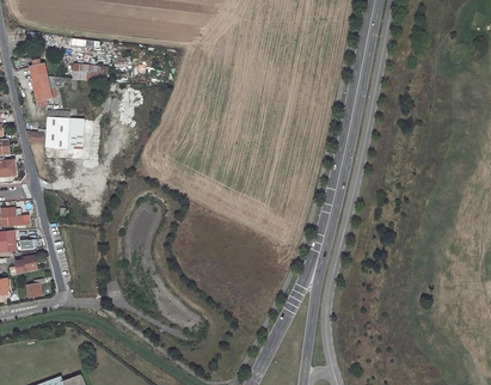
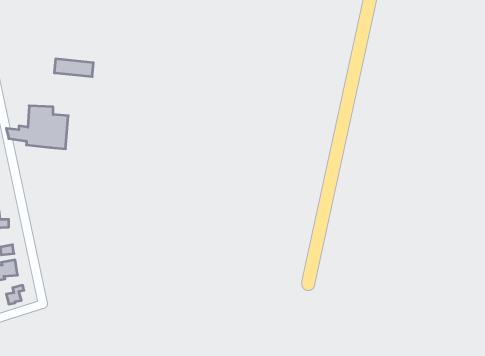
building: [29,60,56,108] -> none

